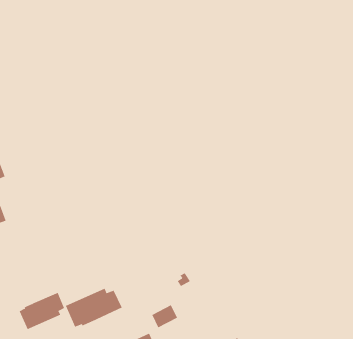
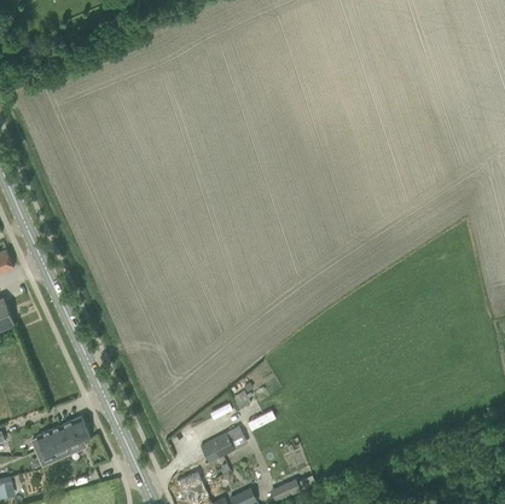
building: [65,288,122,328] -> none

